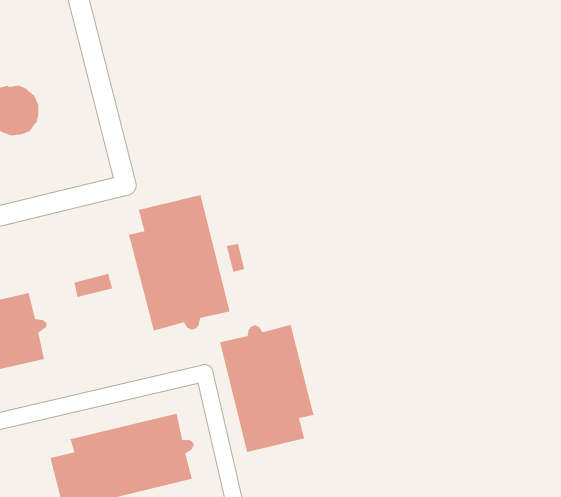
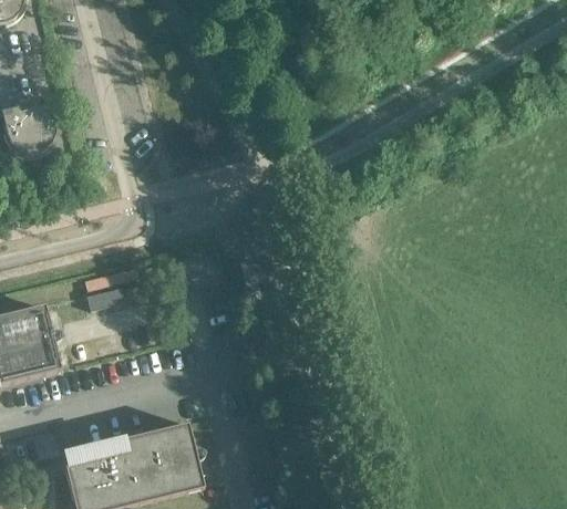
building: [128,194,231,331] -> none
building: [219,324,315,453] -> none

